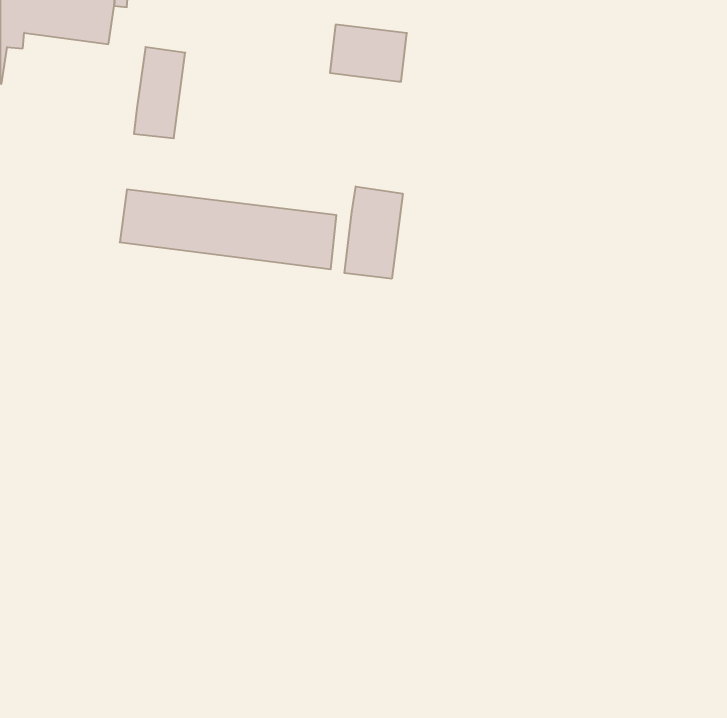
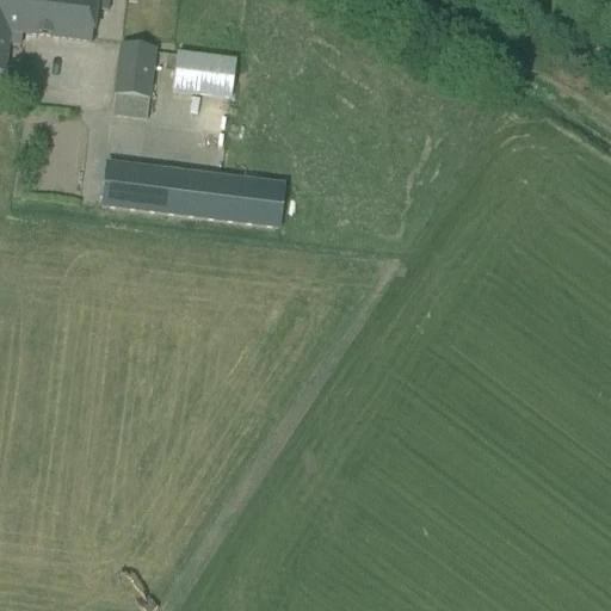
building: [330,25,407,81] -> [172,48,236,95]
building: [344,186,403,279] -> none

